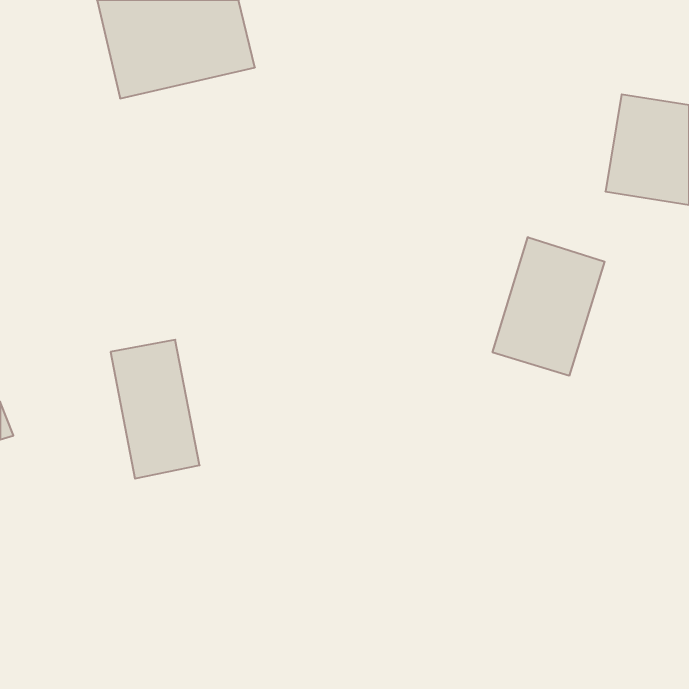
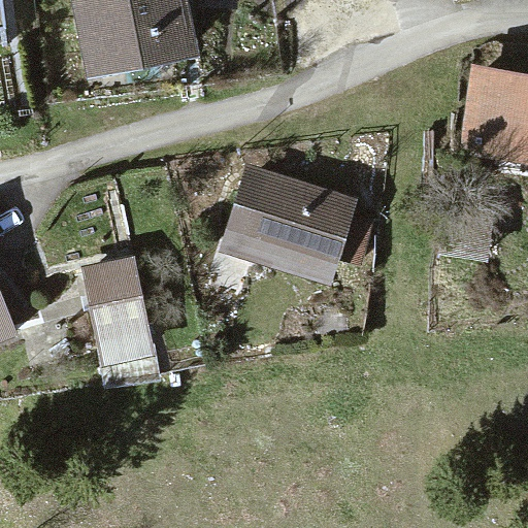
building: none -> [225,169,353,278]
building: [493,237,605,376] -> none

